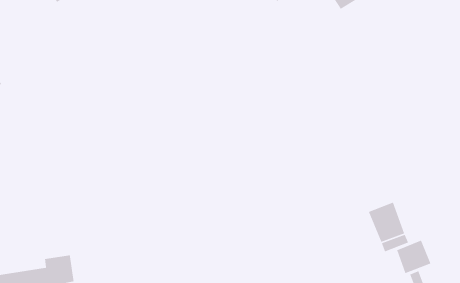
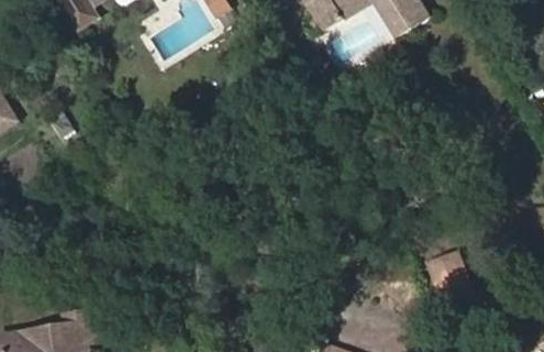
building: [396,240,431,274] -> none

